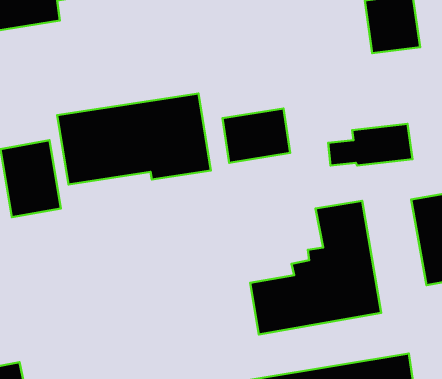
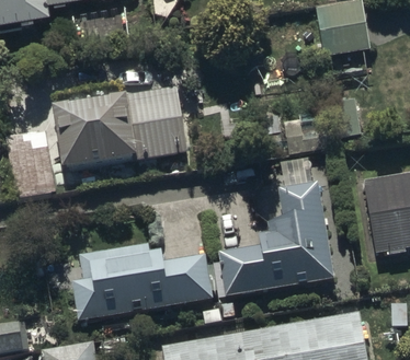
building: [222,109,290,163] -> none
building: none -> [72,243,215,318]

